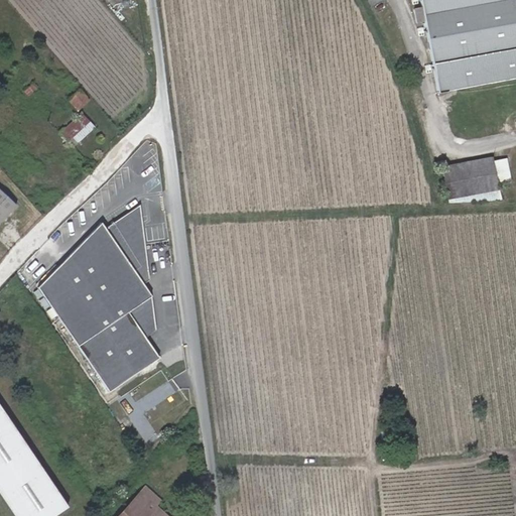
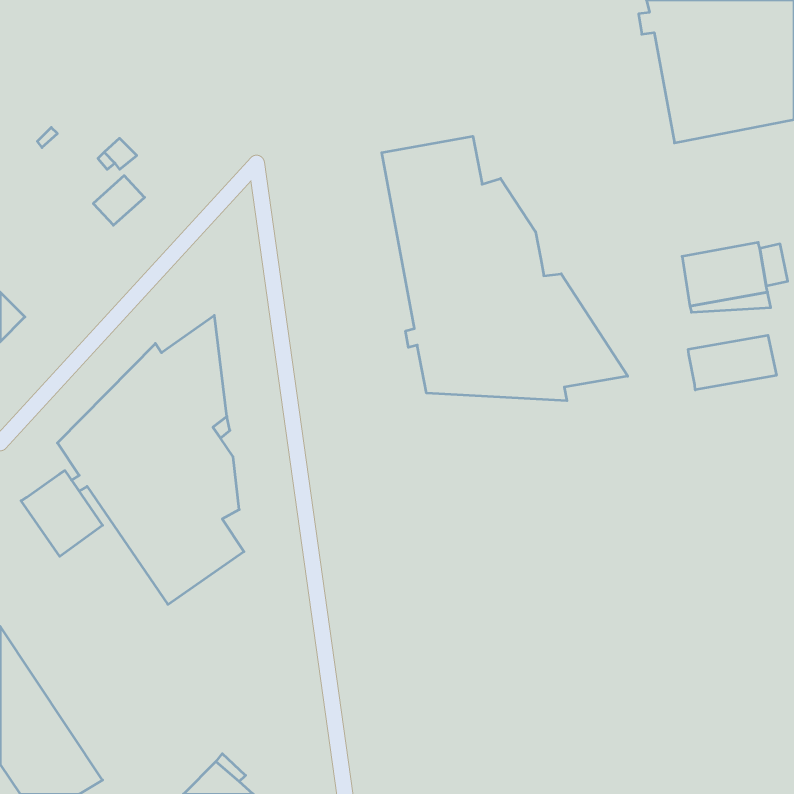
building: none -> [382,136,628,401]
building: none -> [688,335,776,390]
building: none -> [21,471,103,556]

